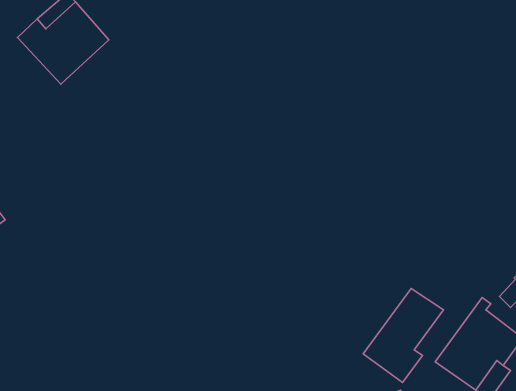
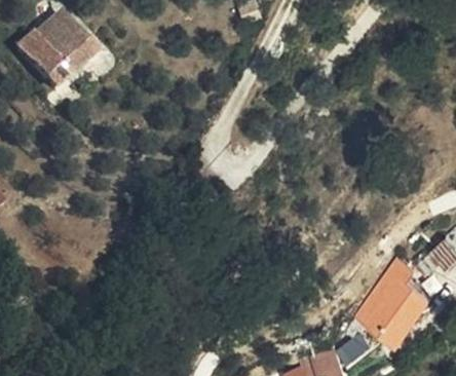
building: [363,288,443,382] -> none

